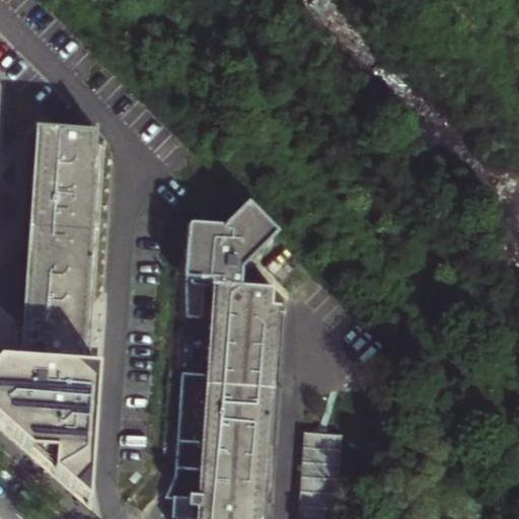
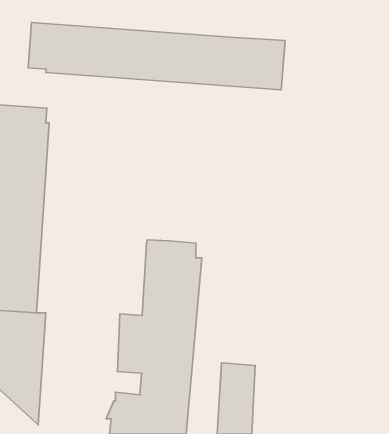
building: none -> [28,22,285,90]
building: [184,203,278,316] -> none

